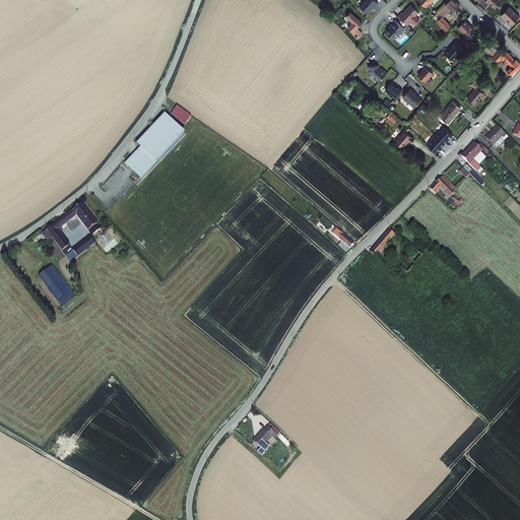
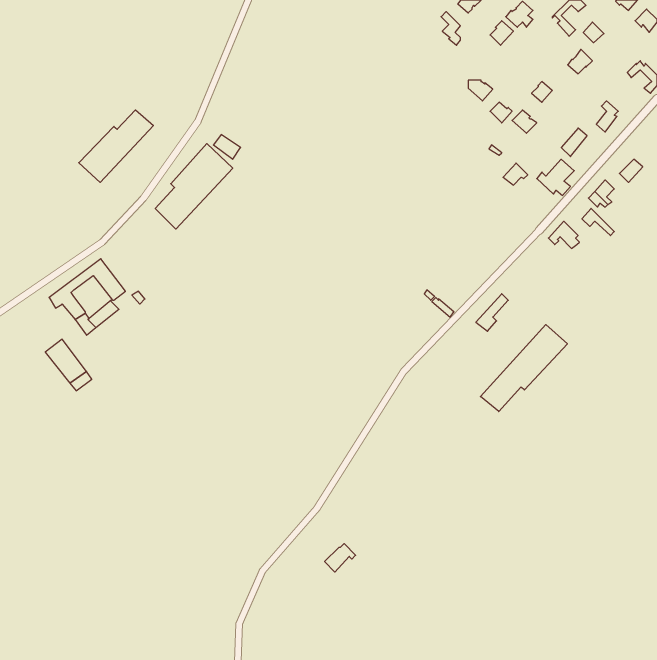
building: none -> [79,110,153,182]
building: none -> [480,325,567,412]

